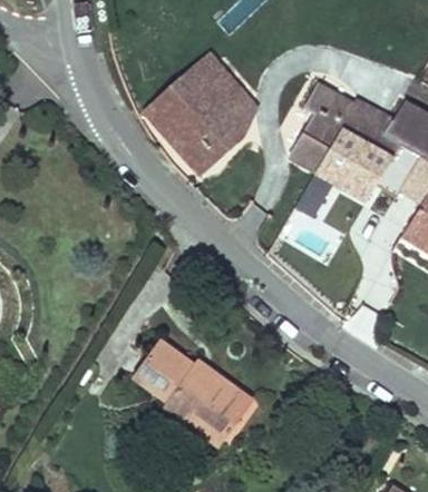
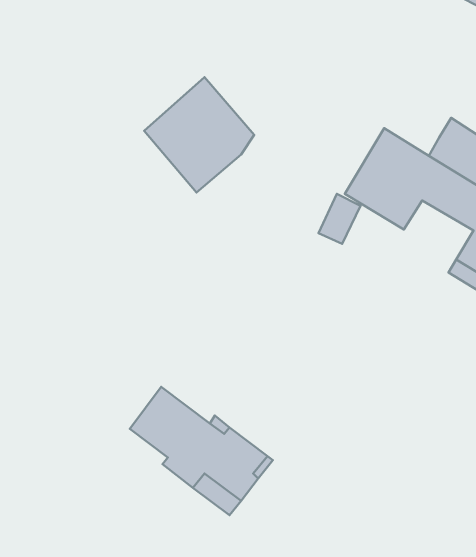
building: [188,62,251,179] -> none
building: [289,85,395,170] -> none

